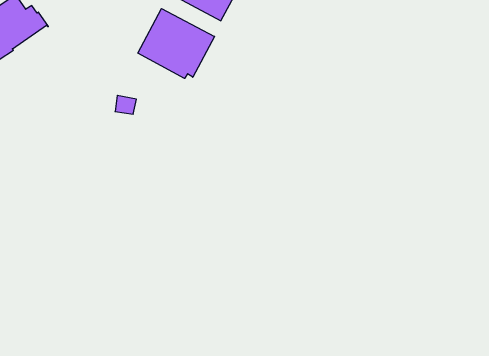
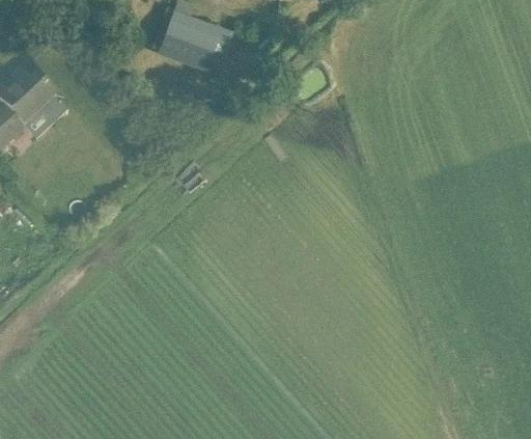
building: [138,9,215,78] -> none

